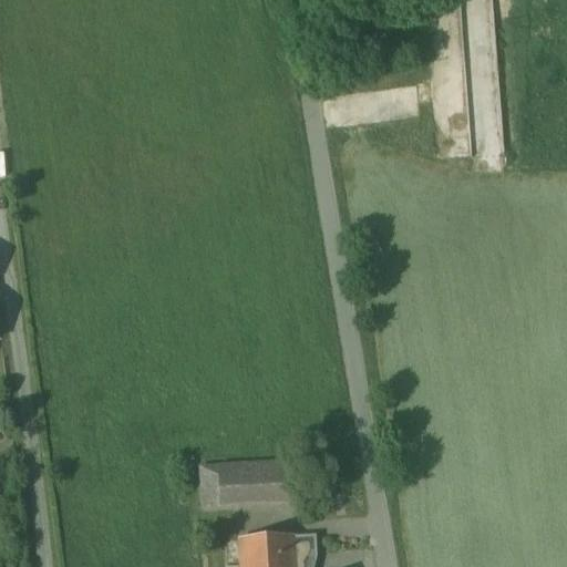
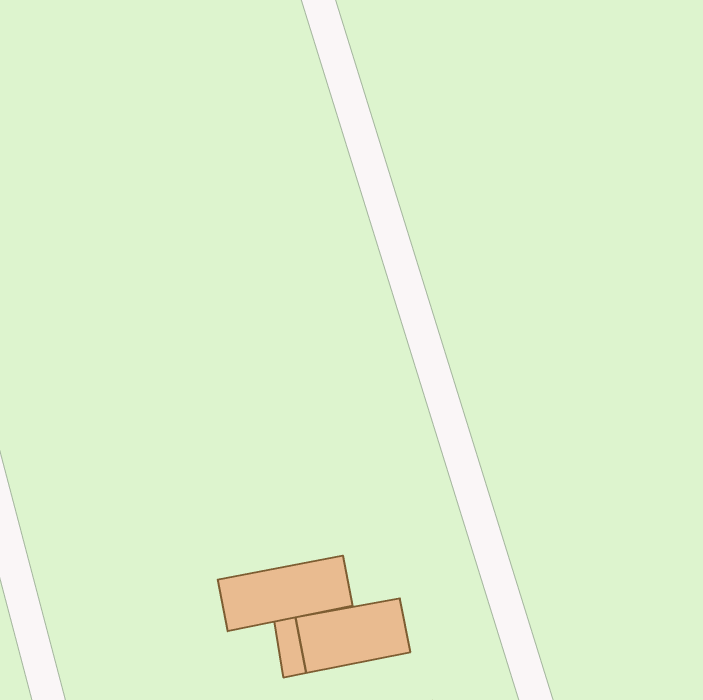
building: none -> [218,556,353,631]

